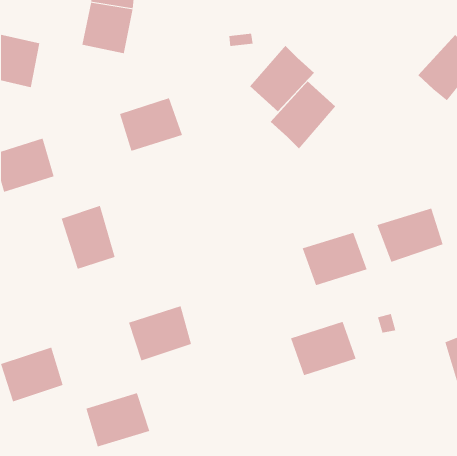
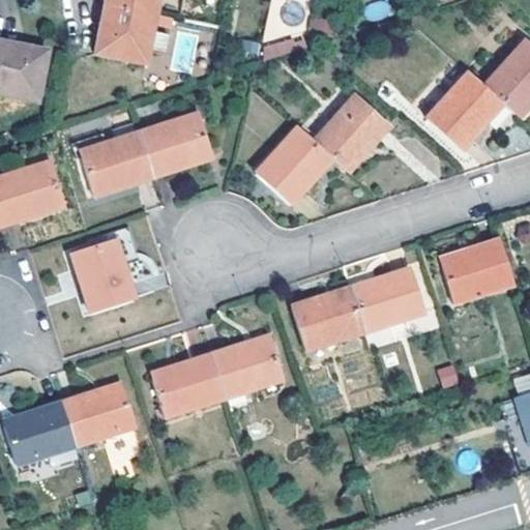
building: [249,45,315,112] -> [257,126,332,204]
building: none -> [428,72,501,149]
building: none -> [79,131,152,195]
building: none -> [210,334,284,398]
building: [290,321,357,376] -> [289,287,365,350]
building: [86,392,150,447] -> [61,382,136,445]

